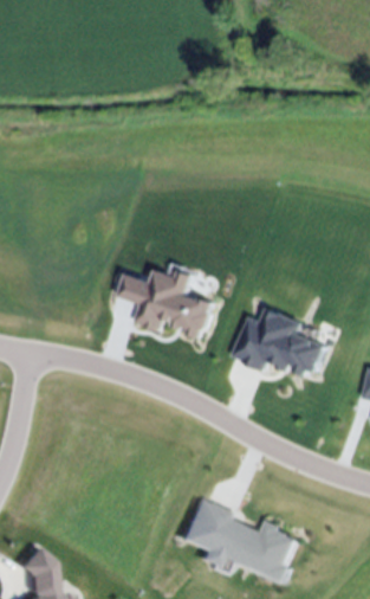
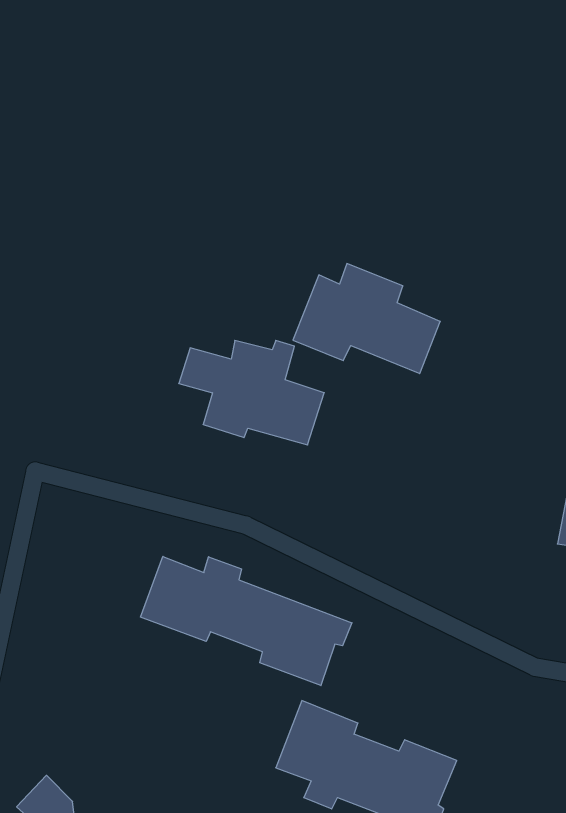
building: [233,309,326,379] -> [293,264,440,374]
building: none -> [140,556,352,686]

